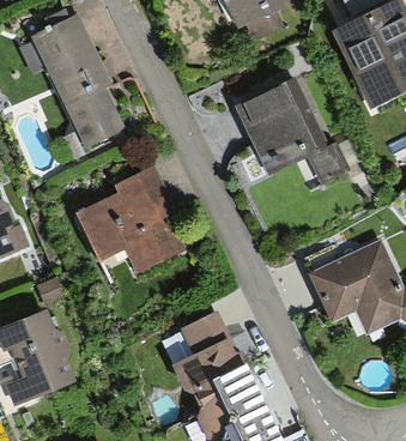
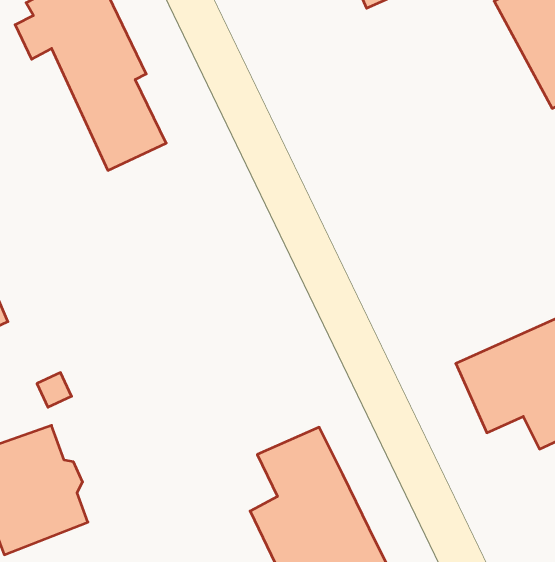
building: [238,83,343,181] -> none
building: [77,173,181,272] -> none

